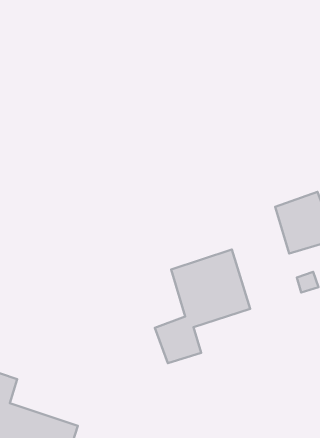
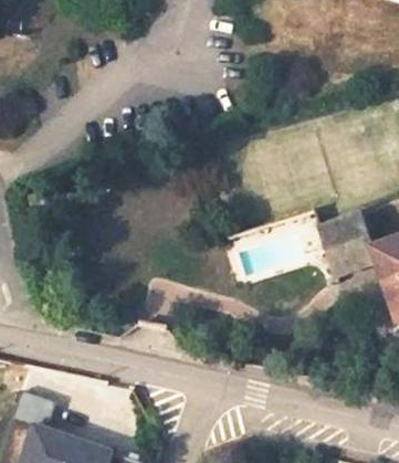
building: [155,249,250,363] -> none

